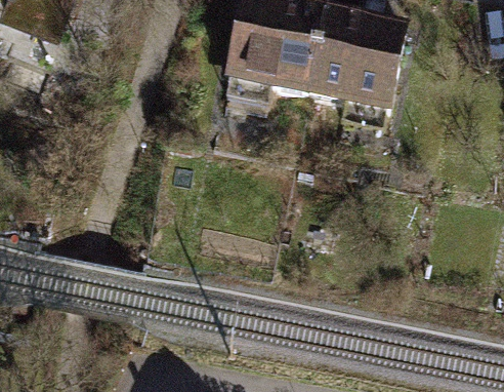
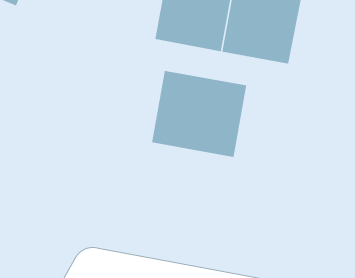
building: none -> [151,70,247,158]

